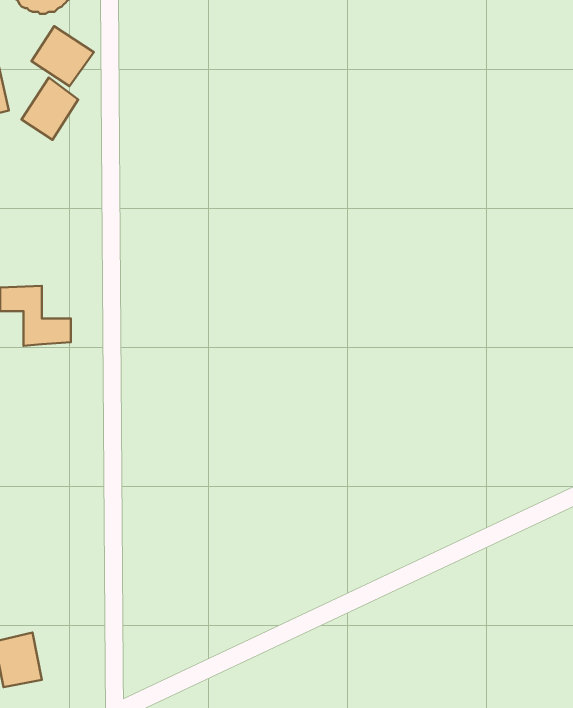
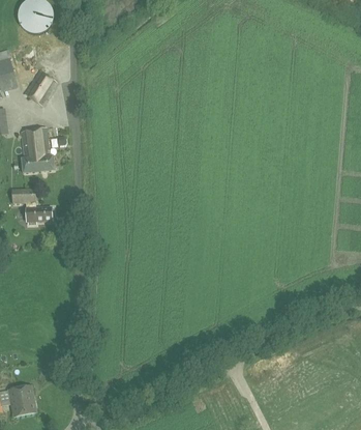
building: [32,26,94,86] -> none
building: none -> [22,128,54,173]

